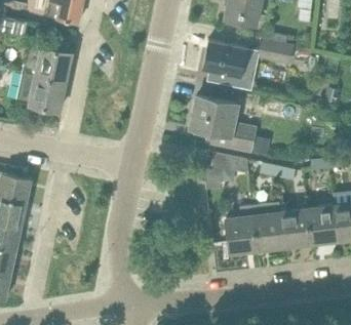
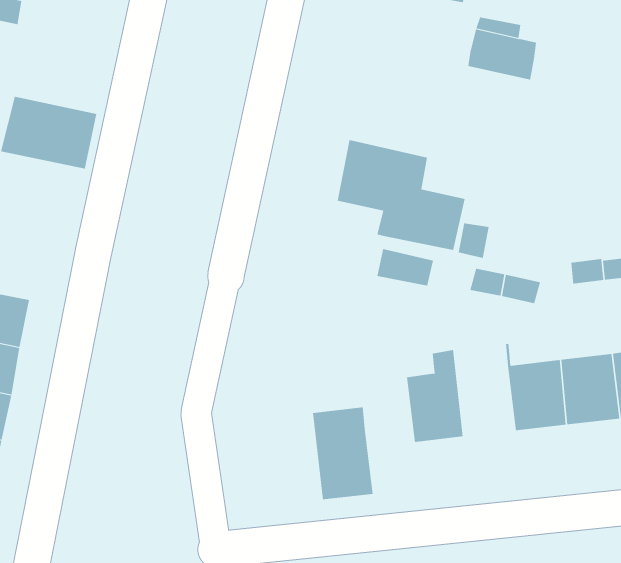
building: [202,41,256,89] -> none
building: [23,46,72,83] -> none
building: [250,202,282,250] -> [312,407,374,500]

